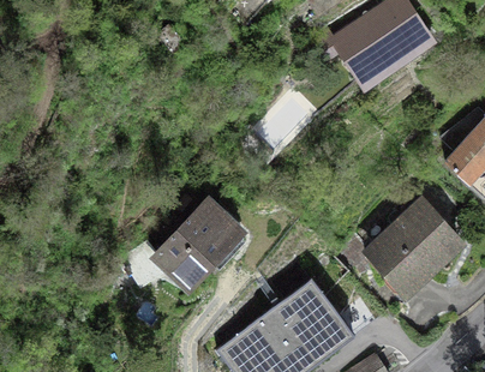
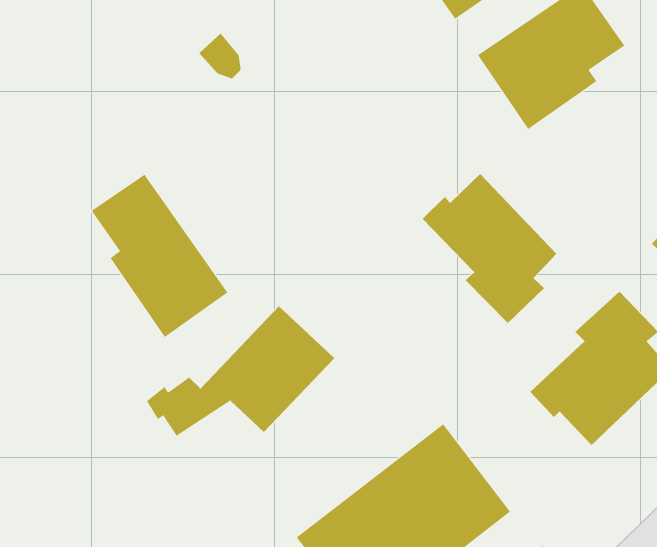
building: none -> [422,173,557,324]
building: none -> [91,174,228,338]

